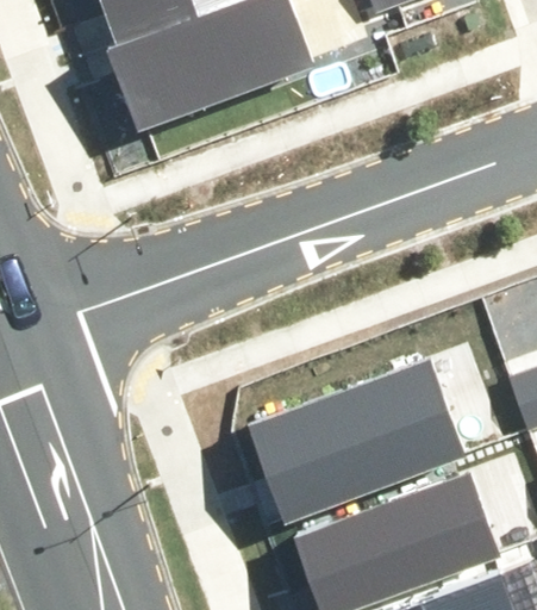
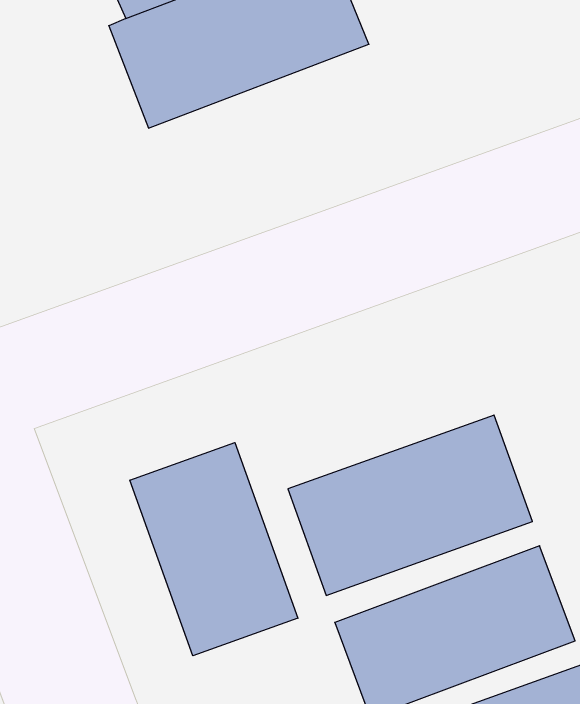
building: none -> [130,443,298,656]

